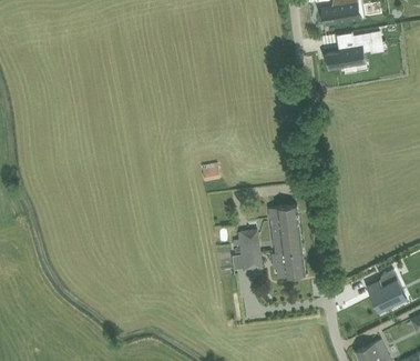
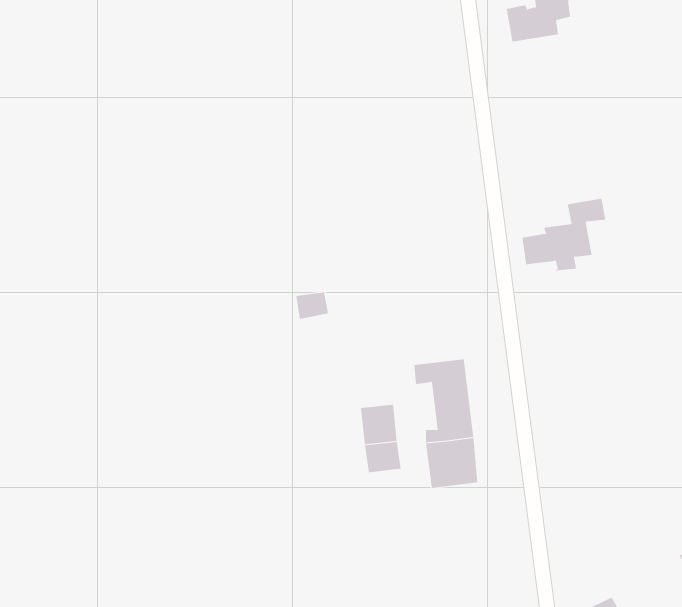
building: [325,31,372,72] -> [522,198,606,271]
building: [365,270,404,311] -> none

